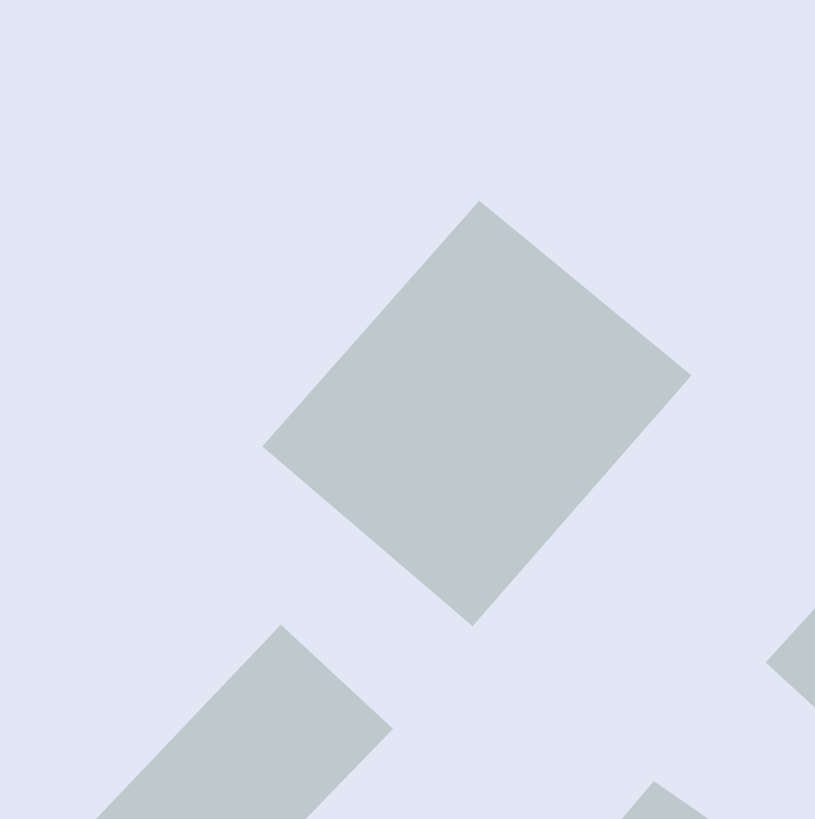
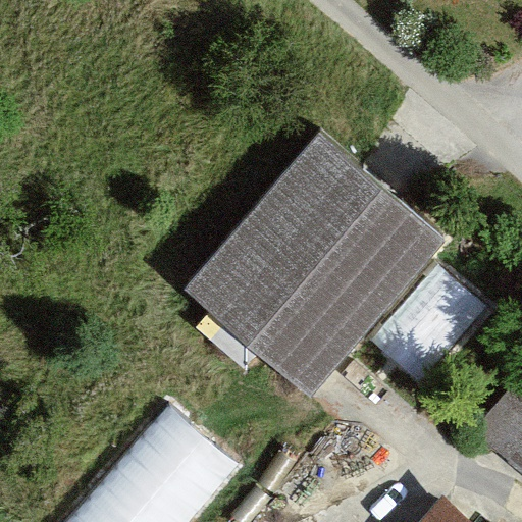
building: none -> [380,261,499,379]

